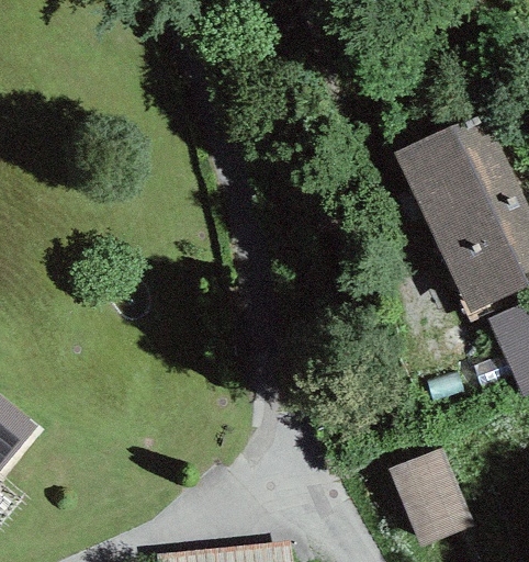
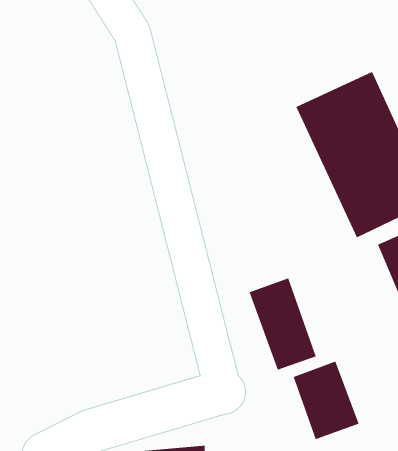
building: none -> [249,278,316,371]

